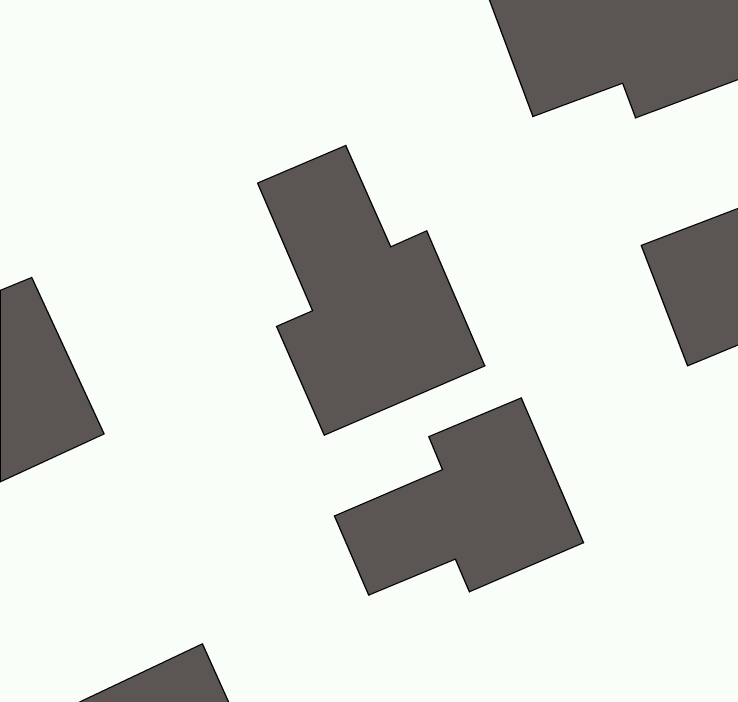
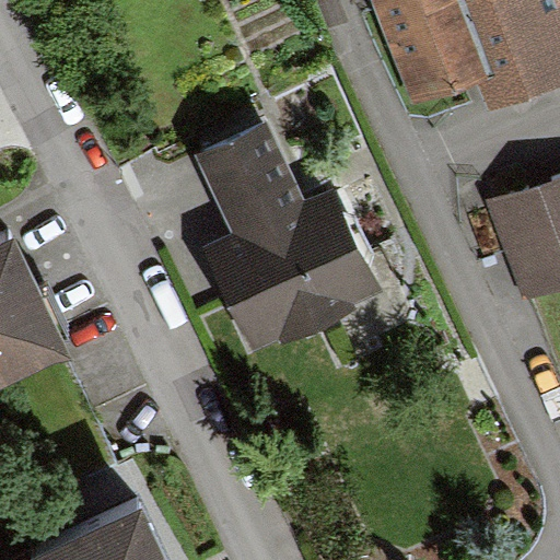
building: [335,398,583,595] -> none

